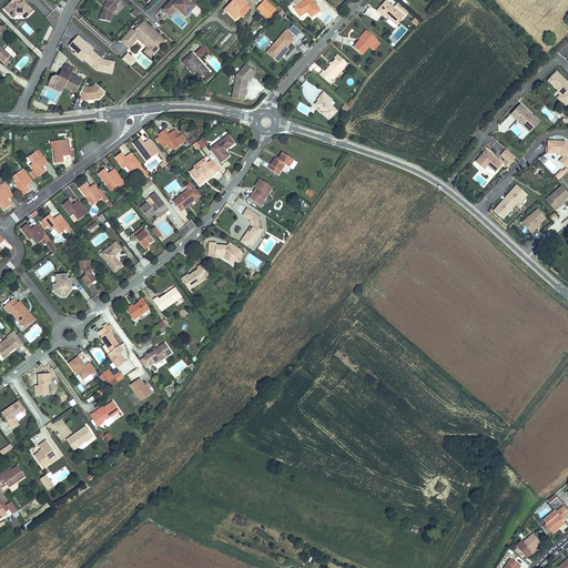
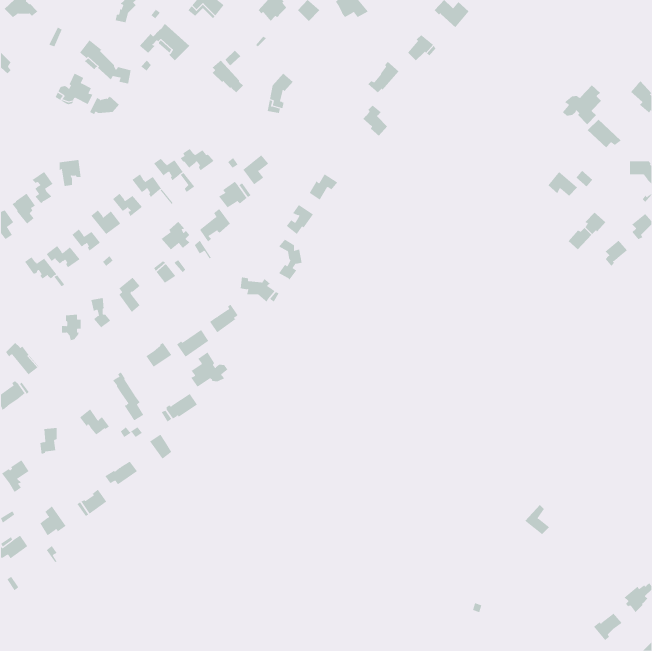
building: [267,23,301,61] -> none
building: none -> [562,85,602,125]
building: none -> [191,352,228,388]

